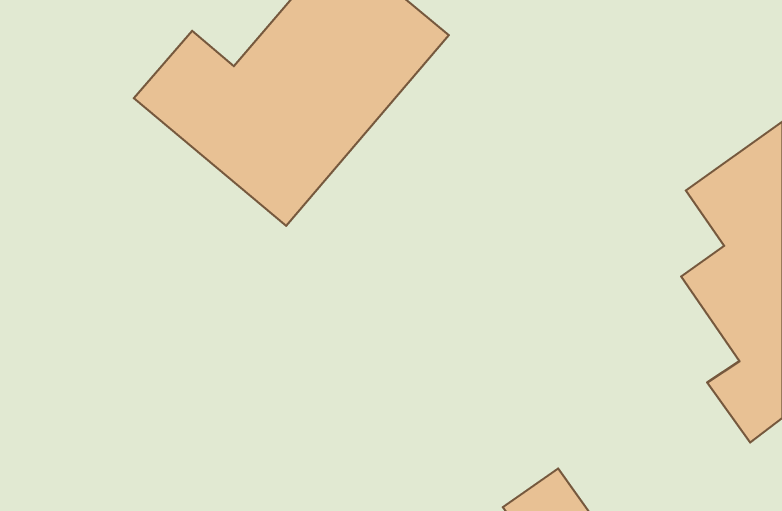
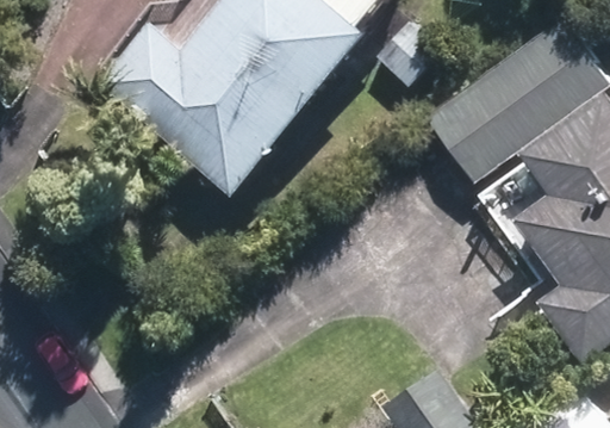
building: none -> [437,29,602,173]

